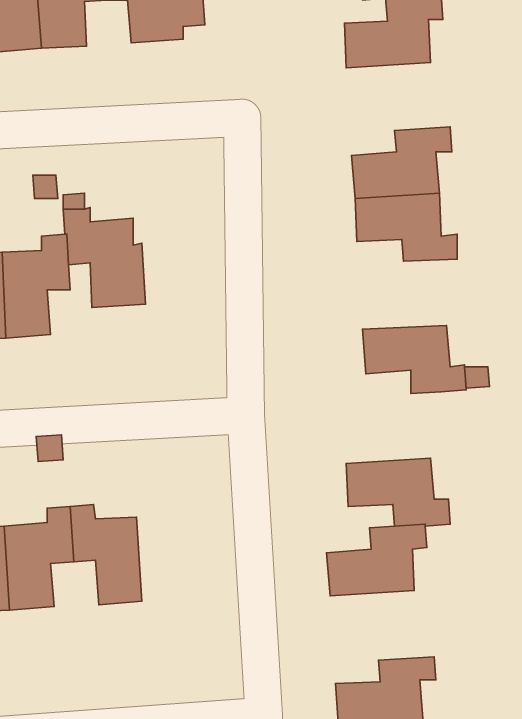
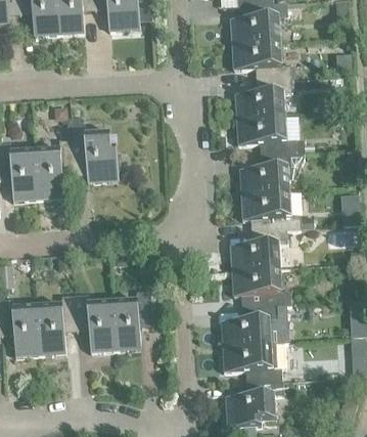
building: none -> [232,41,291,80]
building: none -> [240,152,304,193]
building: none -> [230,229,287,270]
building: none -> [112,290,152,349]
building: none -> [223,342,286,383]

